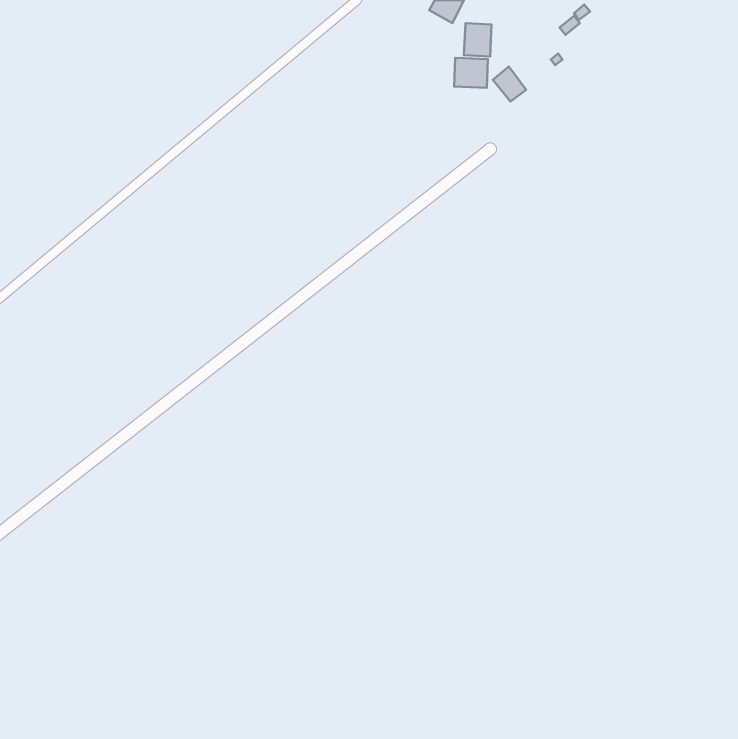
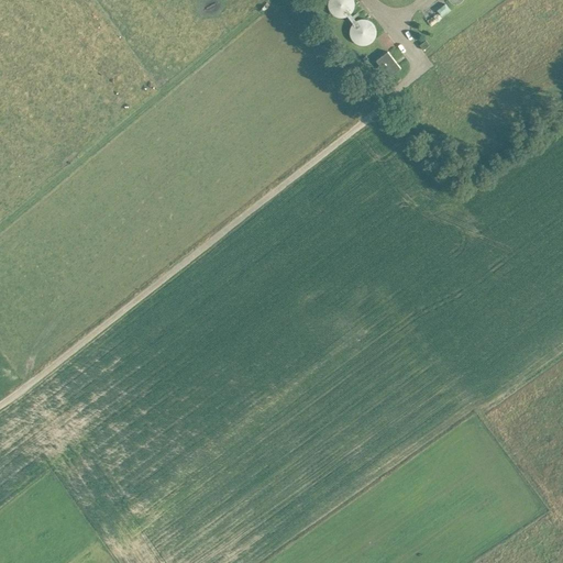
building: [454,58,488,88] -> none

